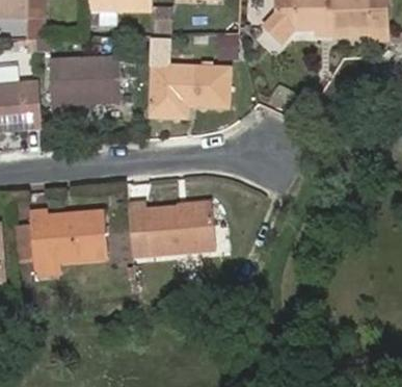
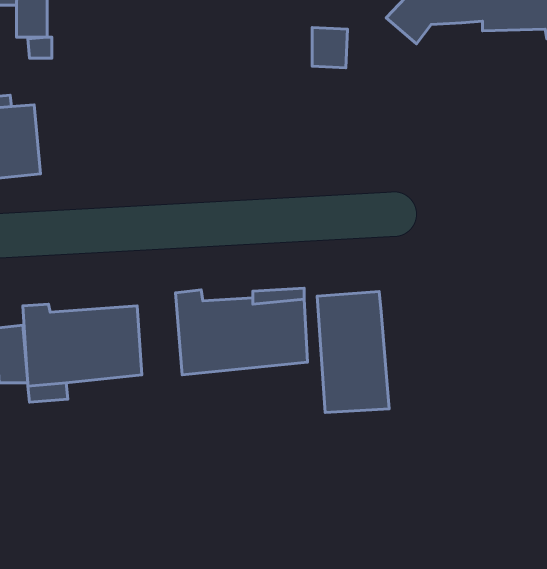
building: [50,57,122,109] -> none
building: [148,64,229,115] -> none
building: none -> [317,291,389,413]

